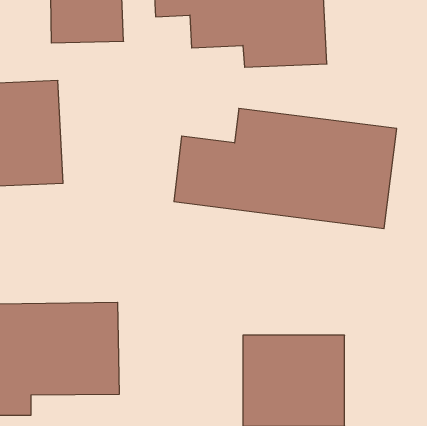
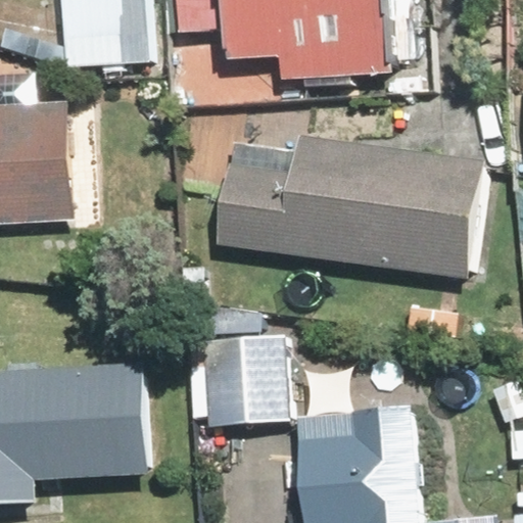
building: none -> [192,335,288,424]

